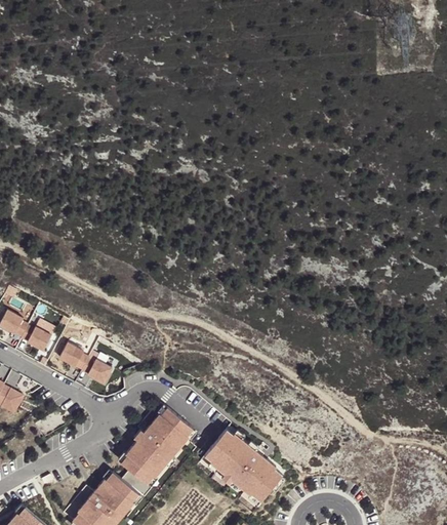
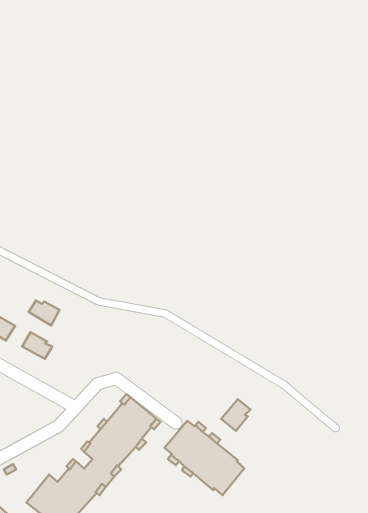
building: [81,359,112,383] -> [29,301,59,325]
building: none -> [221,399,251,431]

